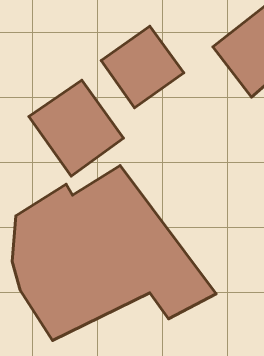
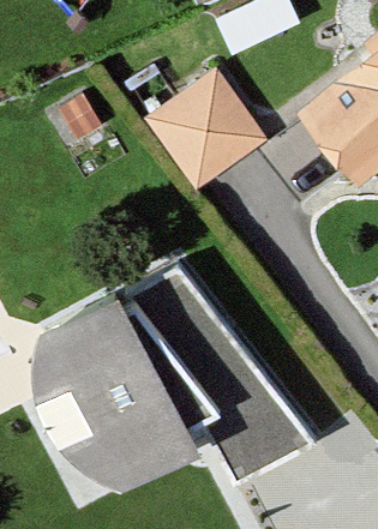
building: [29,80,124,176] -> none

